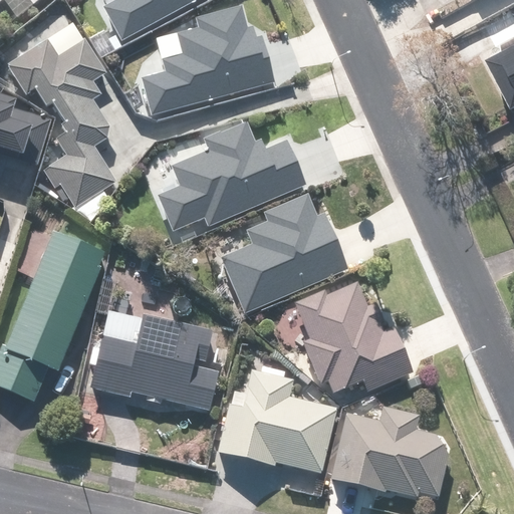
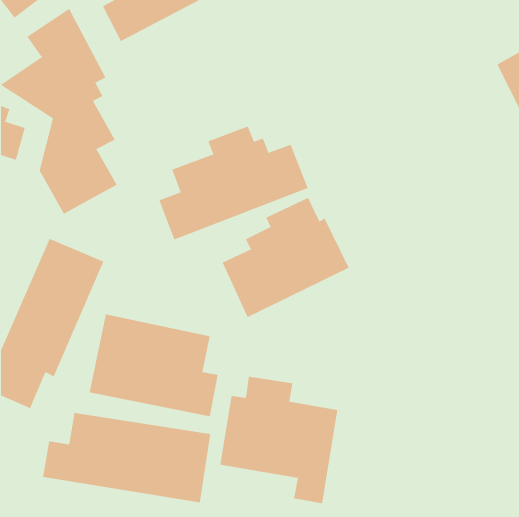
building: [141,7,276,113] -> none
building: [291,282,412,399] -> none
building: none -> [43,412,211,503]
building: [329,406,451,501] -> none

